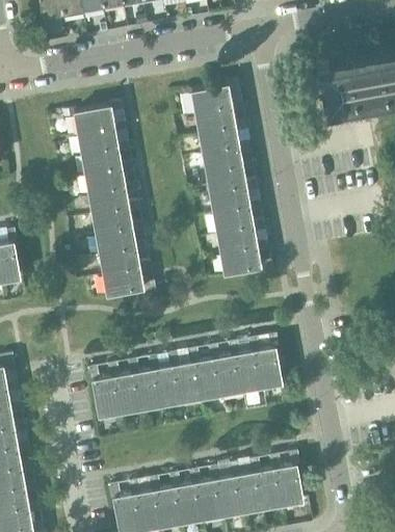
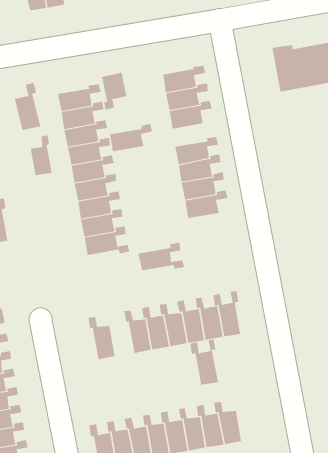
building: none -> [101,72,127,110]
building: none -> [14,82,41,131]
building: [202,143,251,176] -> [109,123,153,152]
building: none -> [30,135,52,176]
building: [219,244,272,276] -> [138,242,185,271]
building: [127,363,159,411] -> none
building: [87,370,118,419] -> none
building: [268,455,301,507] -> [189,339,219,385]

